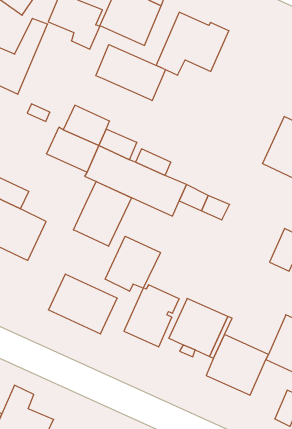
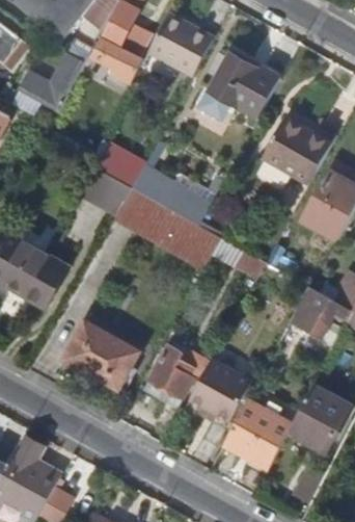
building: [96,45,165,101] -> none
building: none -> [263,119,331,184]
building: [73,181,131,246] -> none
building: [105,236,160,291] -> none

